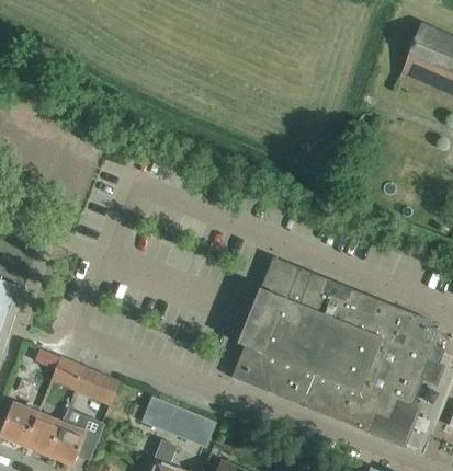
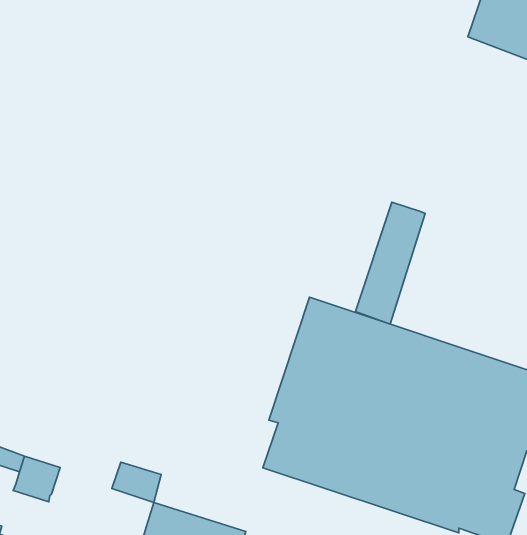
building: none -> [356,202,425,324]
building: [78,368,114,399] -> [112,462,161,503]

